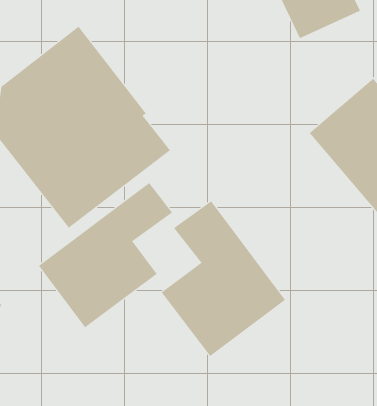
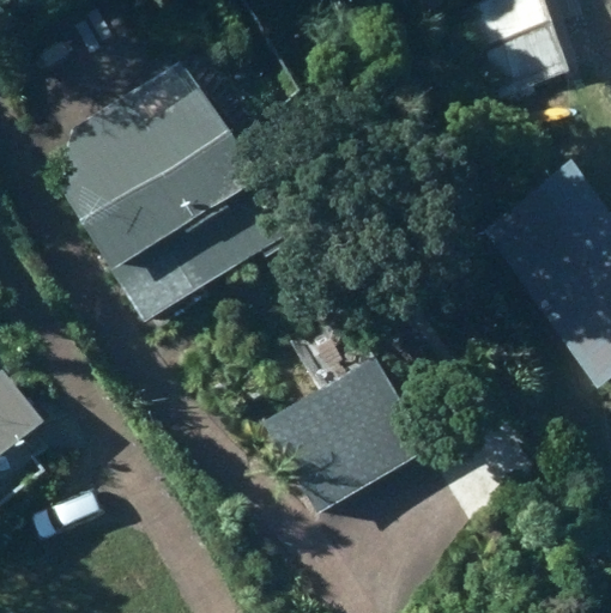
building: [38,182,173,328] -> none

